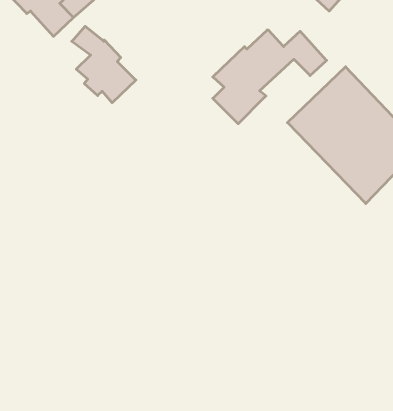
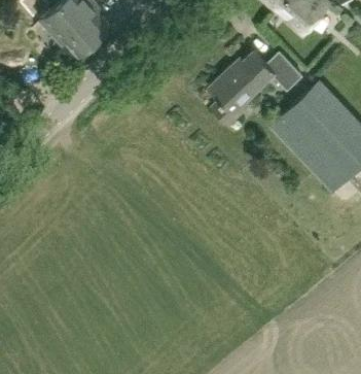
building: [72,26,136,103] -> none

